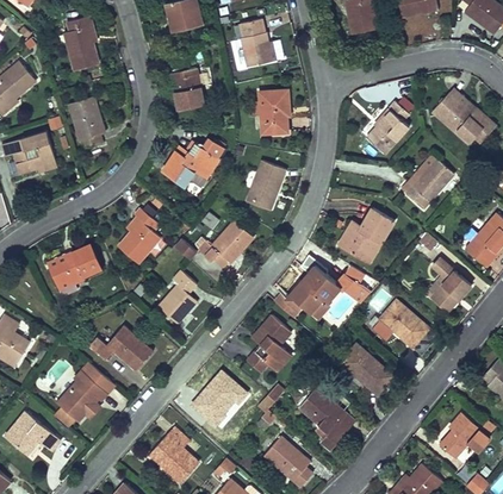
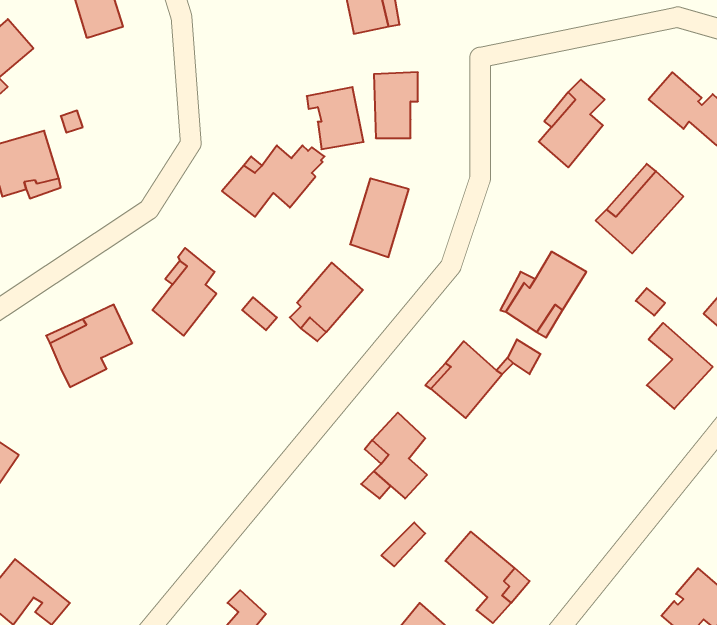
building: [163,71,200,112] -> [307,87,364,149]
building: [63,98,101,151] -> none
building: [155,265,195,323] -> none
building: [380,301,436,350] -> none
building: [86,325,150,370] -> none
building: [347,346,399,396] -> none
building: [55,361,114,423] -> none
building: [190,380,248,429] -> none

